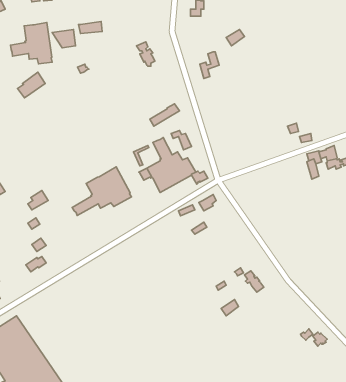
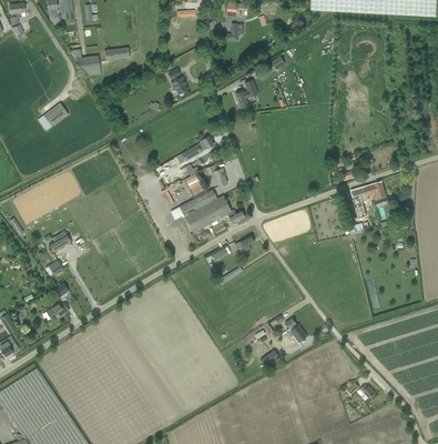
building: [11,23,52,64] -> none
building: [72,167,132,215] -> none

